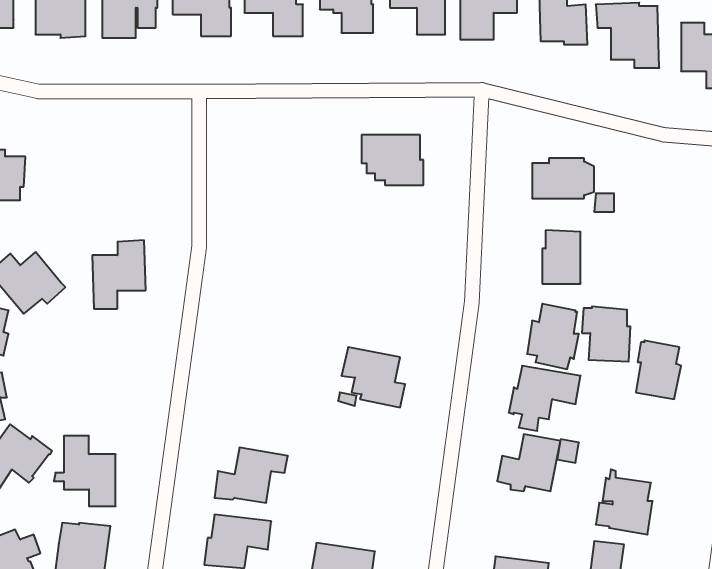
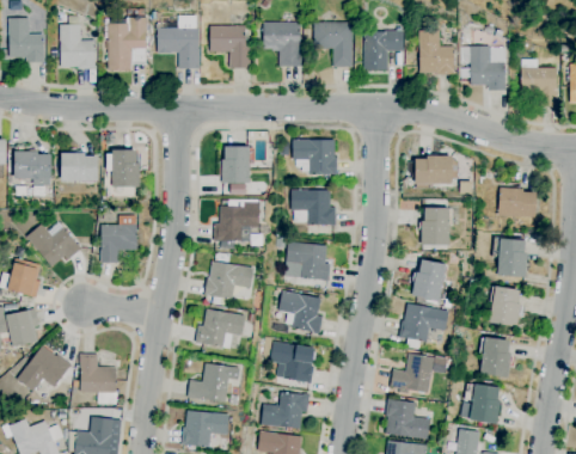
building: none -> [221,146,255,183]
building: none -> [105,149,140,186]
building: none -> [61,151,98,180]
building: none -> [498,186,537,216]
building: none -> [290,189,336,226]
building: none -> [214,201,263,249]
building: none -> [284,241,331,281]
building: none -> [204,260,253,299]
building: [582,306,630,362] -> [492,238,527,277]
building: none -> [195,308,245,349]
building: none -> [480,337,511,378]
building: none -> [270,340,315,384]
building: none -> [261,391,310,430]
building: none -> [385,397,430,440]

